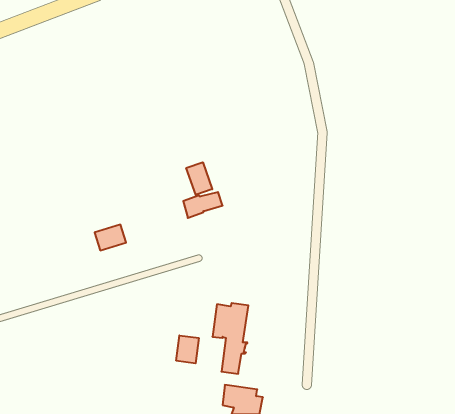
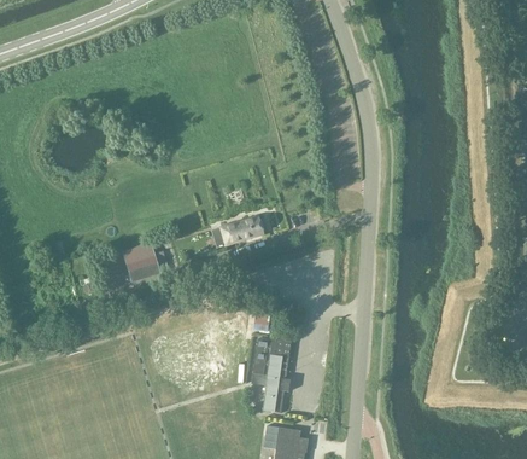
building: [186,162,212,195] -> none
building: [176,335,199,363] -> none

